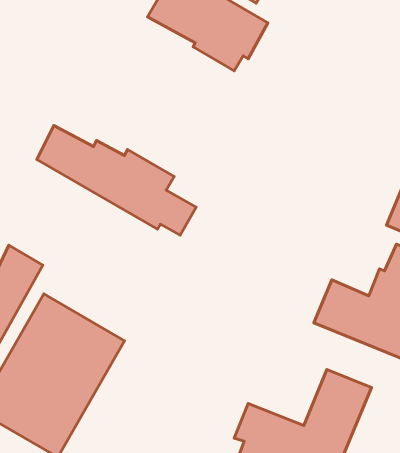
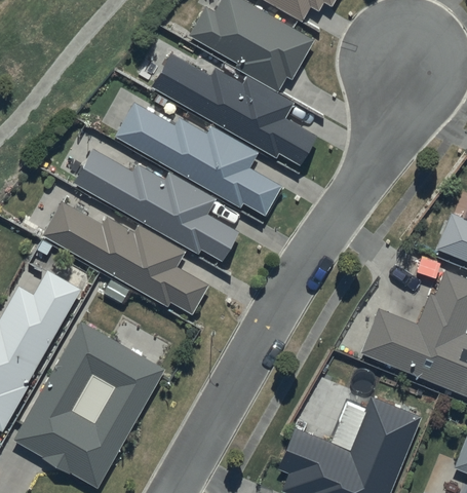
building: none -> [150,51,318,165]
building: none -> [114,102,281,216]
building: none -> [41,200,208,313]

